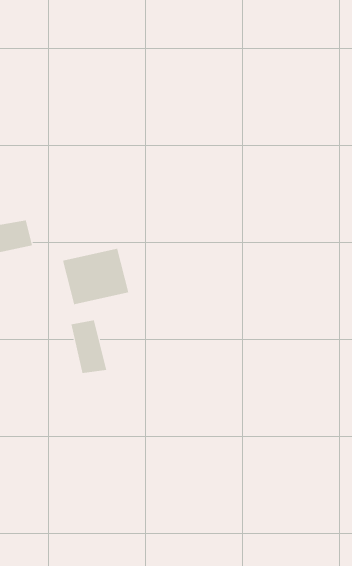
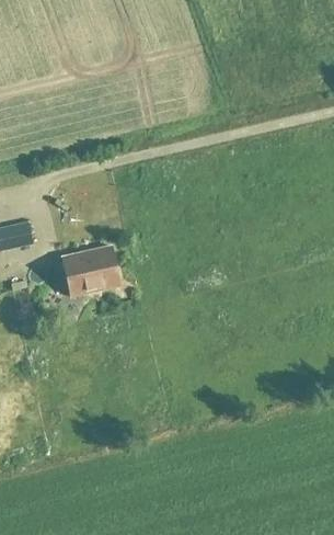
building: [71,320,107,374] -> none

